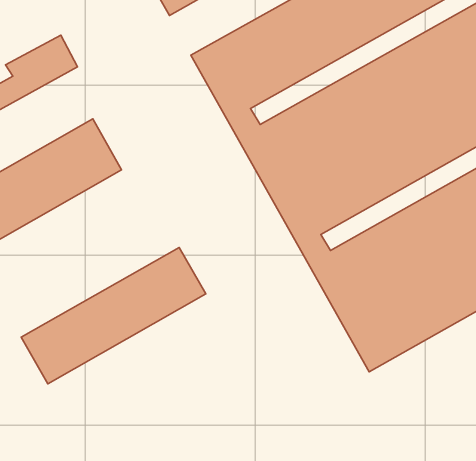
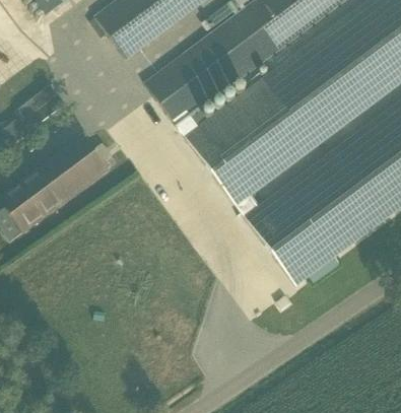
building: [21,247,206,384] -> none

